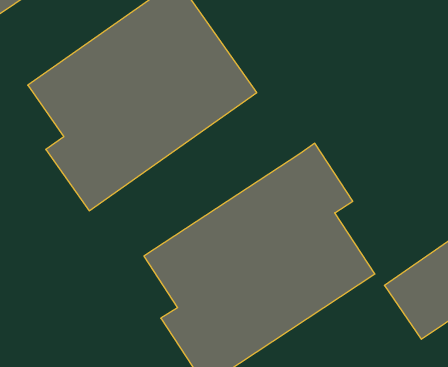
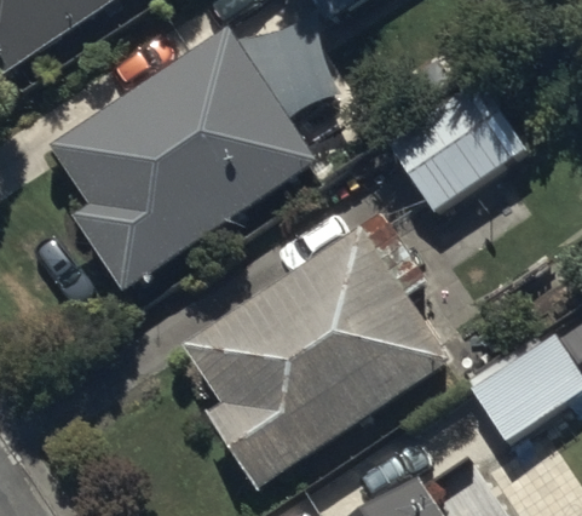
building: none -> [392,92,525,212]

